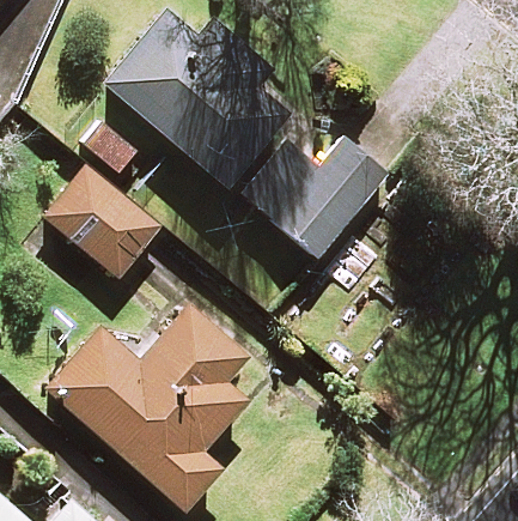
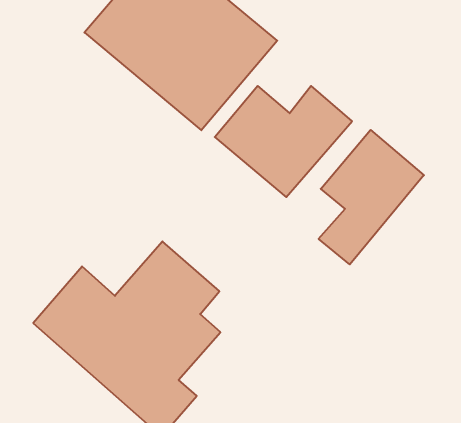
building: [44,166,159,279] -> none
building: none -> [319,130,424,264]

